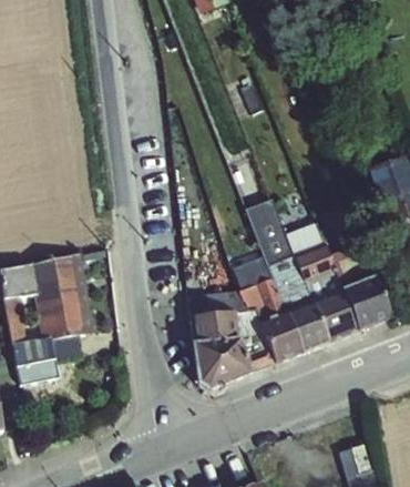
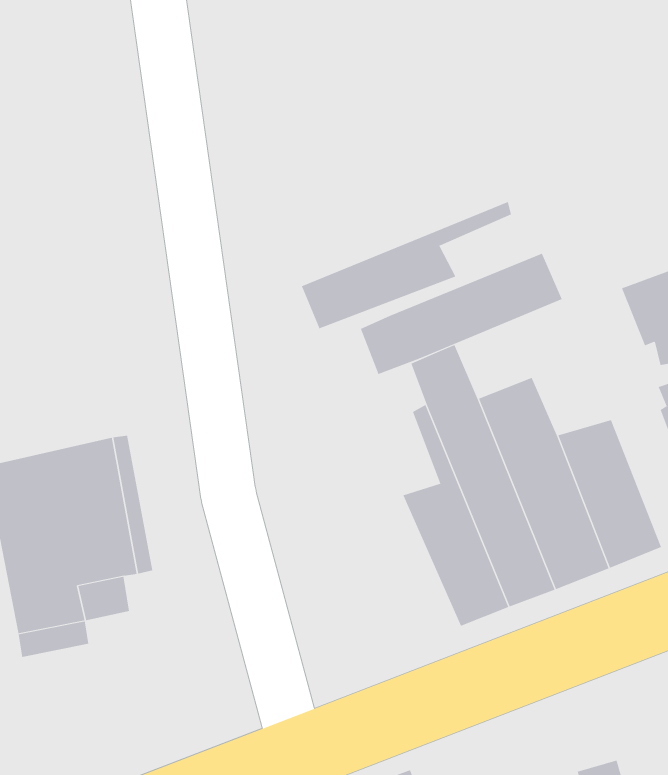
building: none -> [301,201,512,329]
building: none -> [360,253,562,375]
building: [185,287,273,389] -> none

